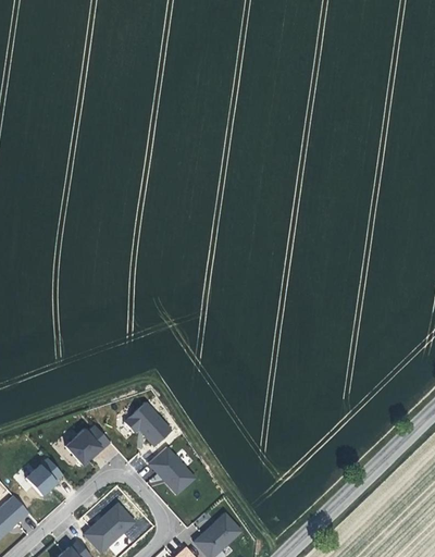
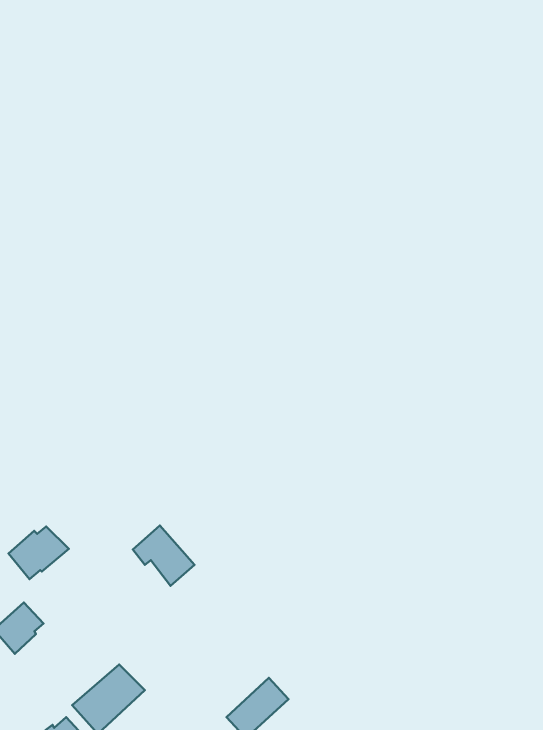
building: [66,426,110,465] -> [8,526,69,579]
building: [149,446,195,494] -> none

